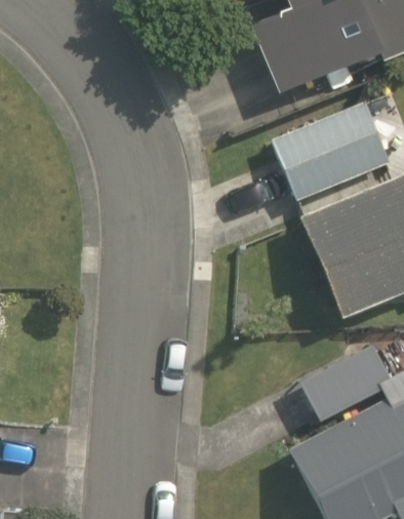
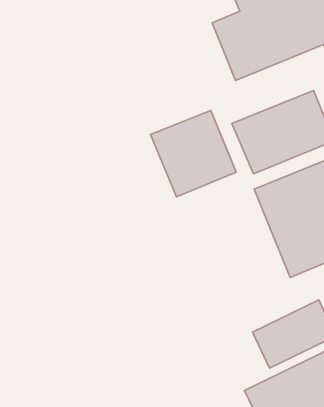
building: none -> [151,110,236,197]

